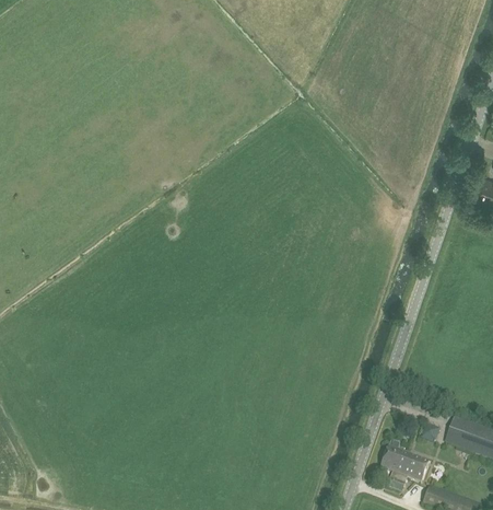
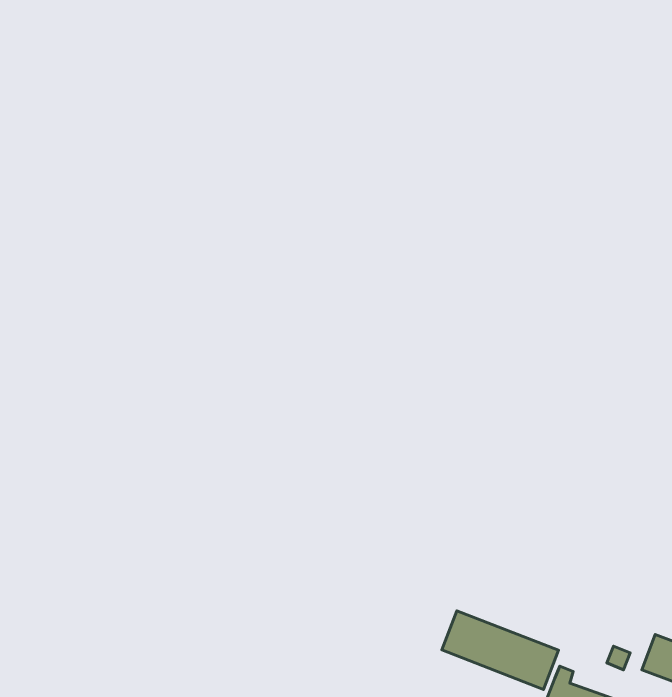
building: none -> [442,611,558,689]

